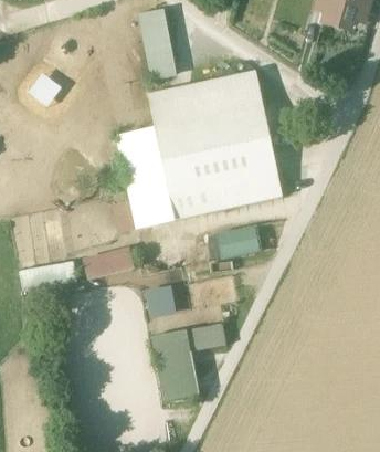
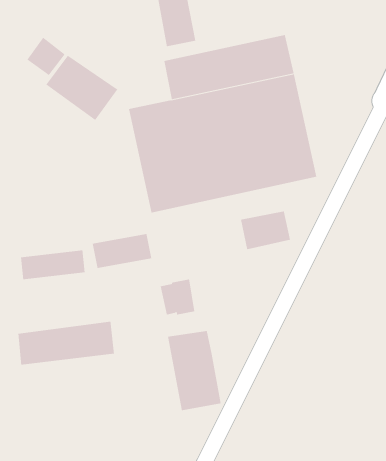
building: none -> [46,55,118,121]
building: none -> [18,321,114,365]
building: [187,324,225,351] -> none

